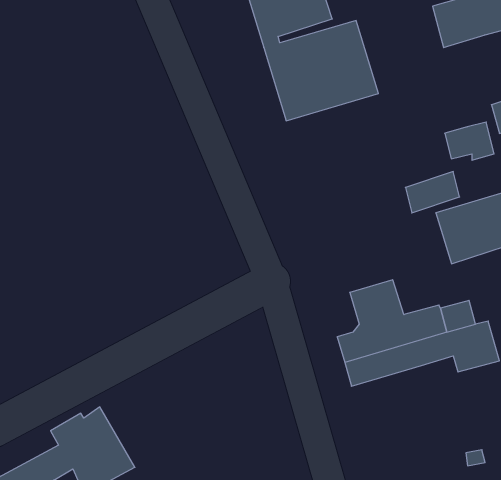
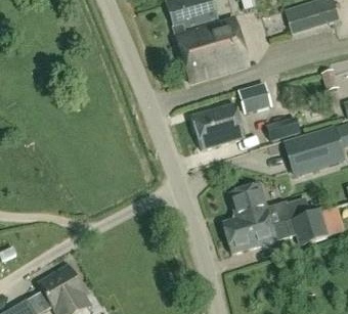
building: [445,122,494,160] -> [237,84,269,108]
building: none -> [191,102,246,149]

